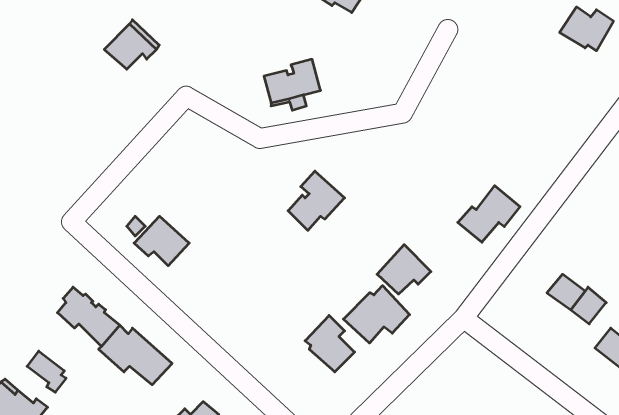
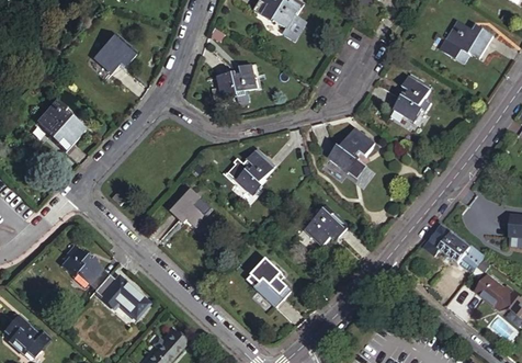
building: none -> [396,76,431,124]
building: none -> [37,100,87,151]
building: [458,186,520,242] -> [326,131,374,174]
building: [134,216,189,266] -> [169,191,212,229]
building: [343,286,410,343] -> none
building: [27,351,66,392] -> none

